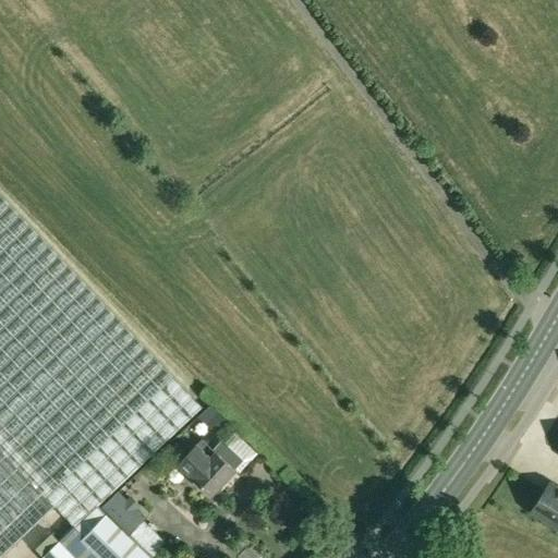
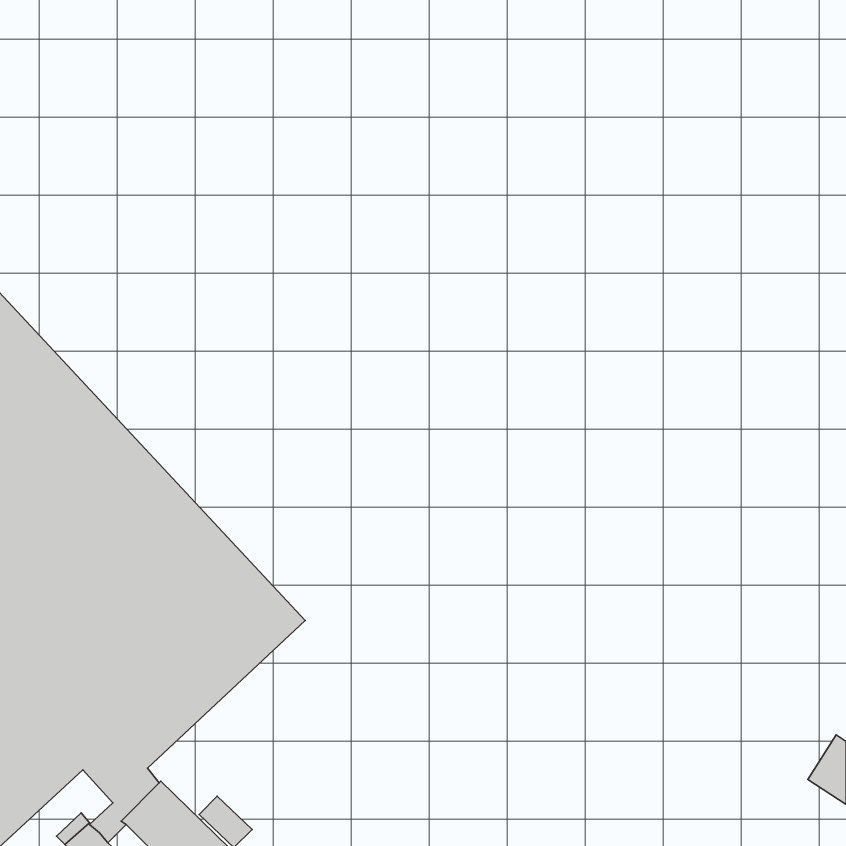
building: [179,439,243,494] -> none
building: [102,493,146,536] -> none

